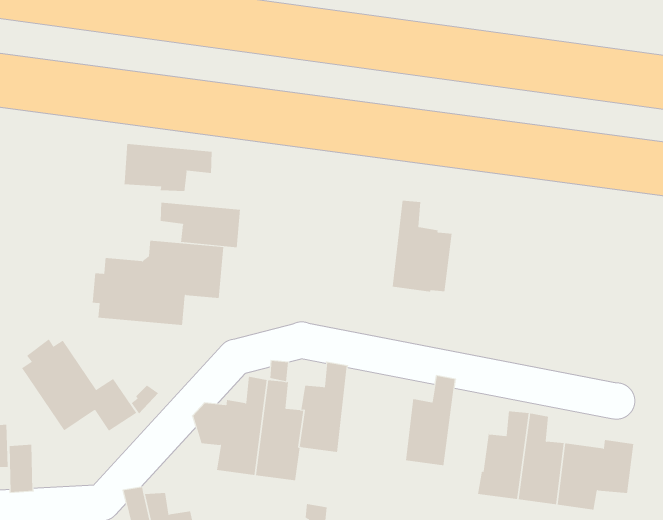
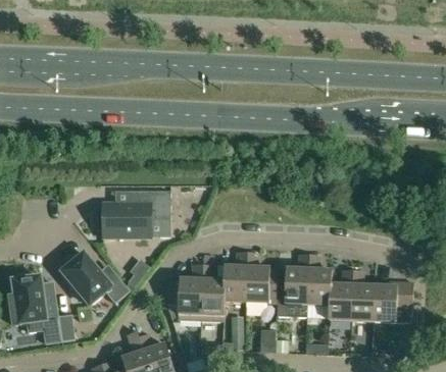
building: [124,143,212,192] -> none
building: [392,200,452,292] -> [246,253,278,304]
building: [160,202,241,248] -> none
building: none -> [307,255,332,306]

